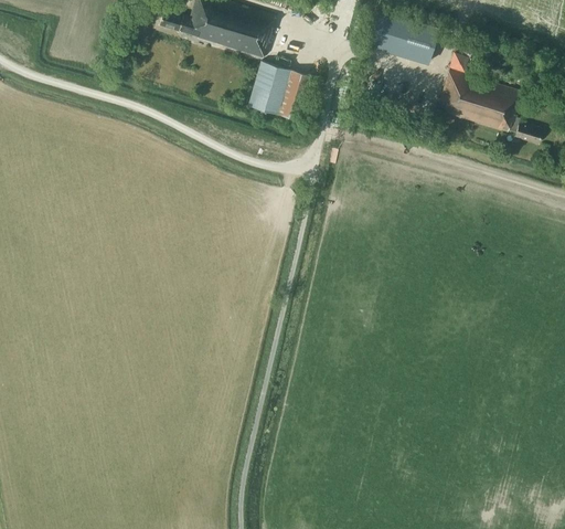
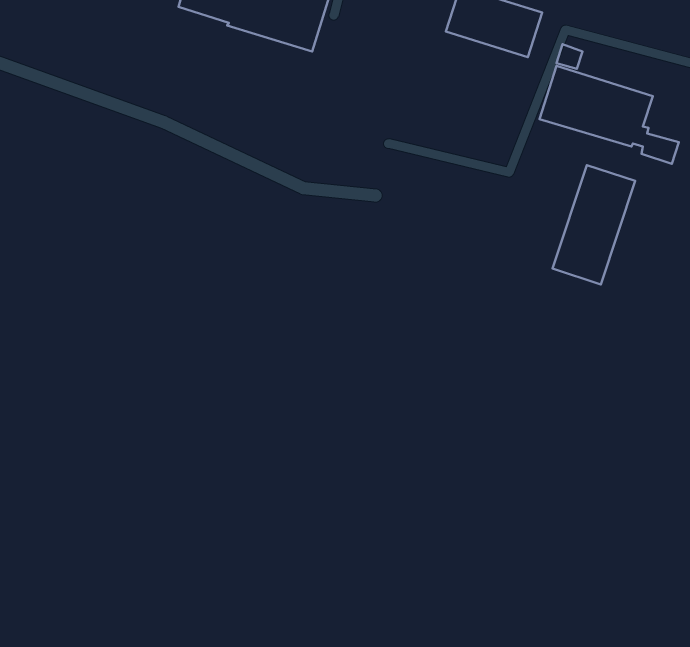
building: [247,62,310,120] -> none
building: none -> [552,165,635,284]

